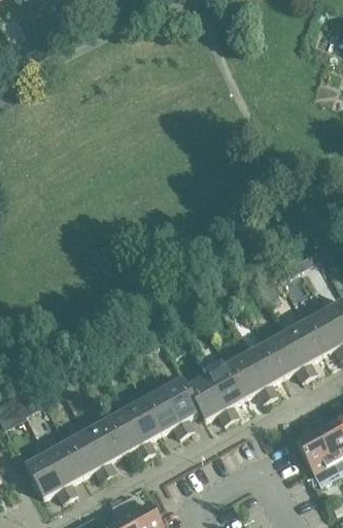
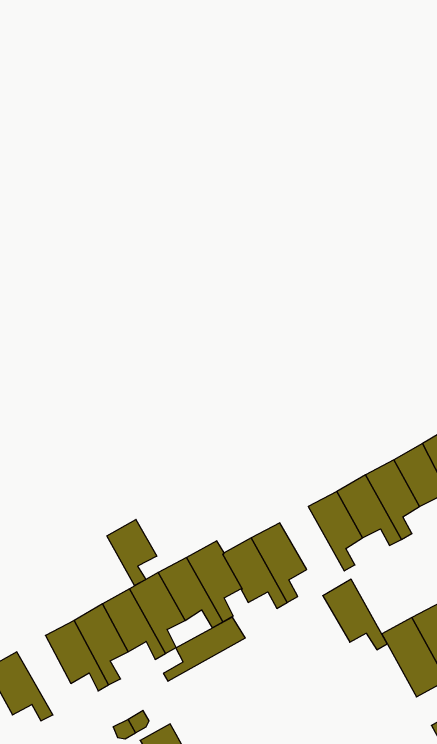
building: [227,352,271,400] -> [323,579,387,650]
building: none -> [107,519,157,585]
building: none -> [164,617,245,681]
building: [46,440,83,495] -> none

